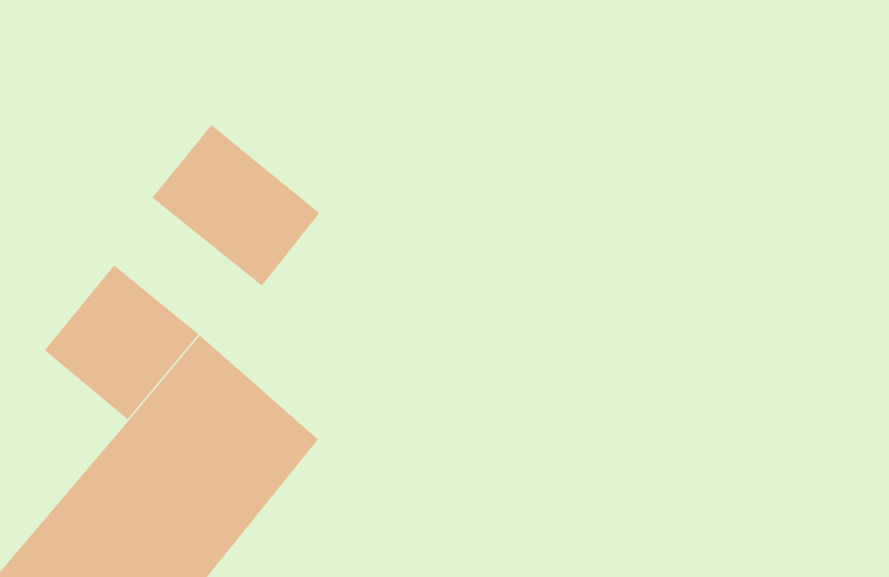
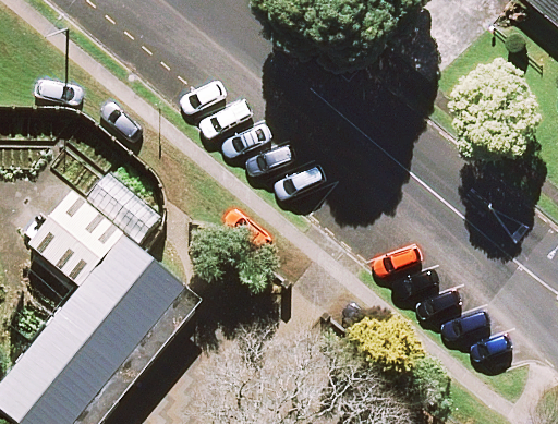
building: [151,124,320,286] -> none

